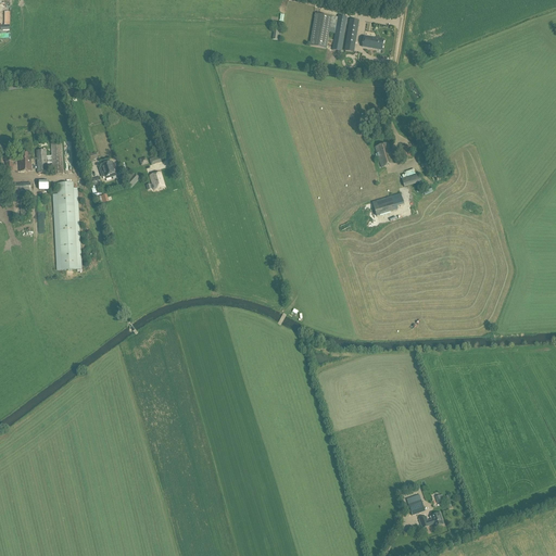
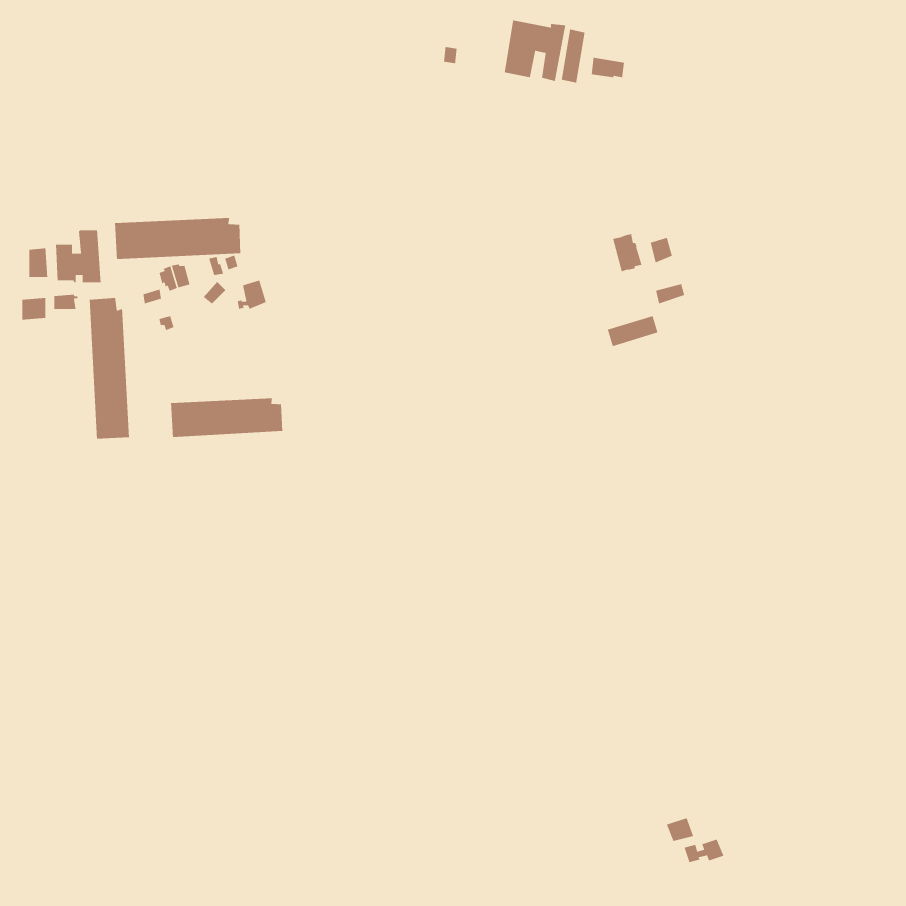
building: none -> [114,217,241,260]
building: none -> [170,397,283,438]

